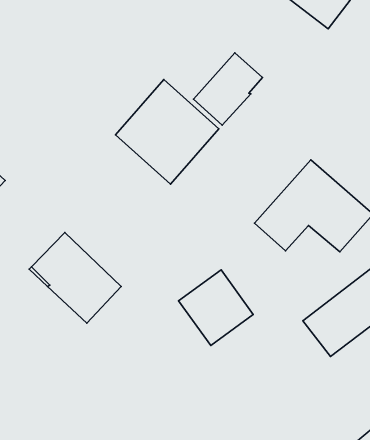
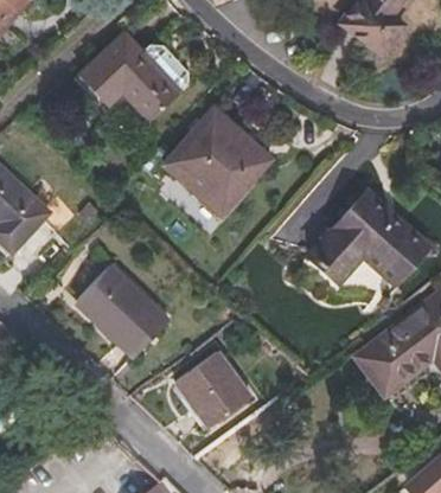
building: none -> [74,31,186,137]
building: [194,53,262,125] -> none
building: [179,270,253,346] -> [175,350,253,428]

